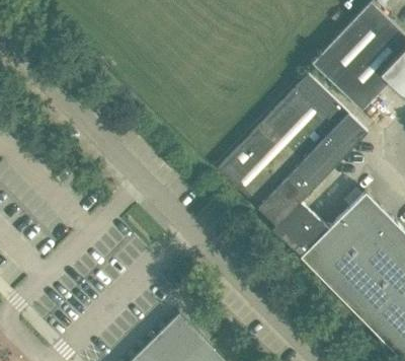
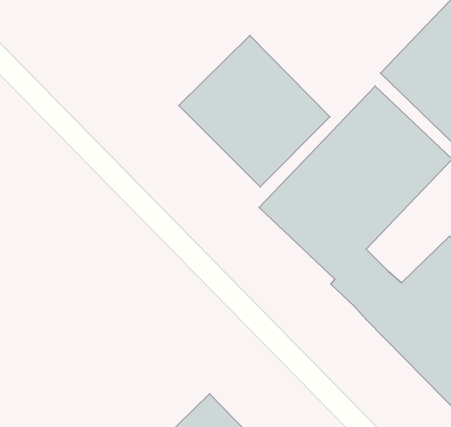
building: none -> [179,36,330,187]

